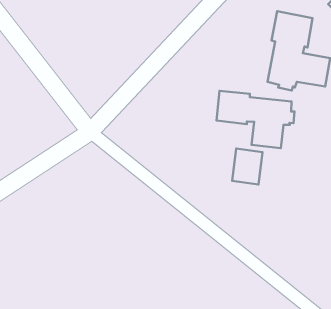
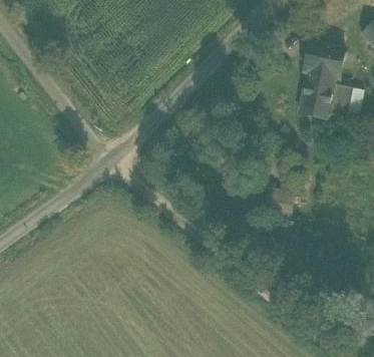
building: [217,91,294,148] -> none

